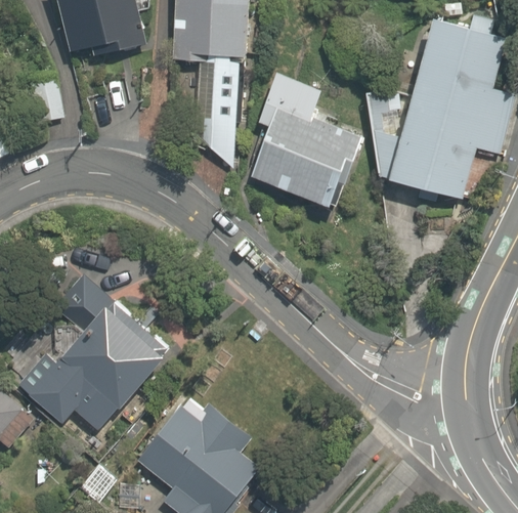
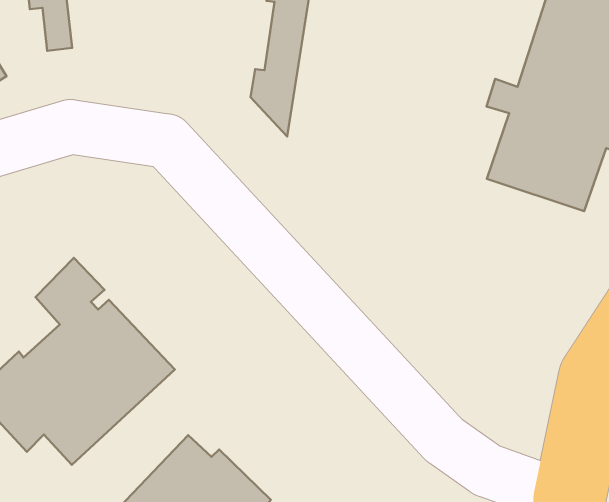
building: [250,71,351,206] -> none

